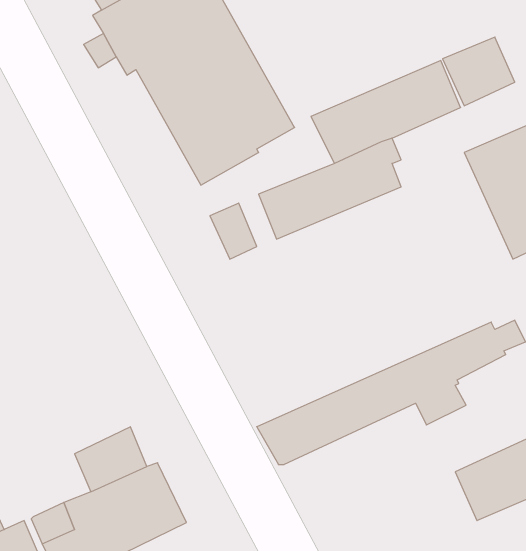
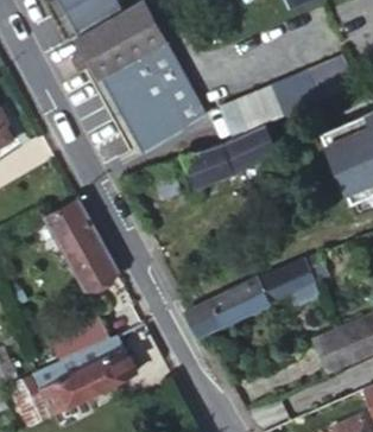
building: none -> [46,199,118,291]

